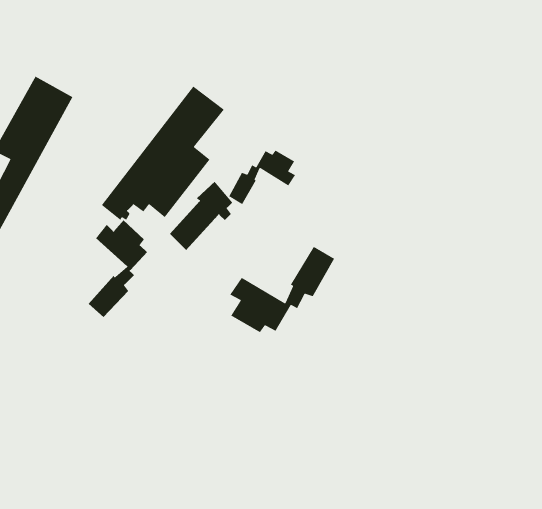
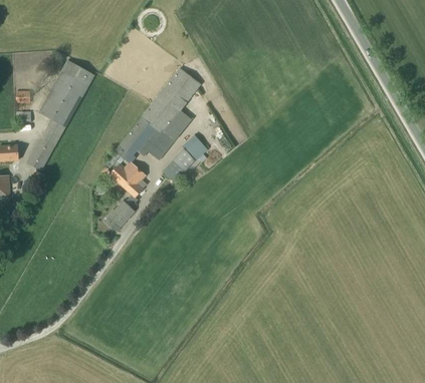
building: [228,149,296,205] -> none
building: [229,246,335,333] -> none

